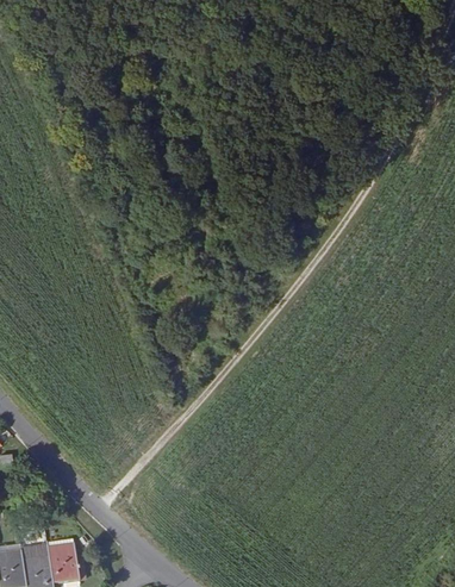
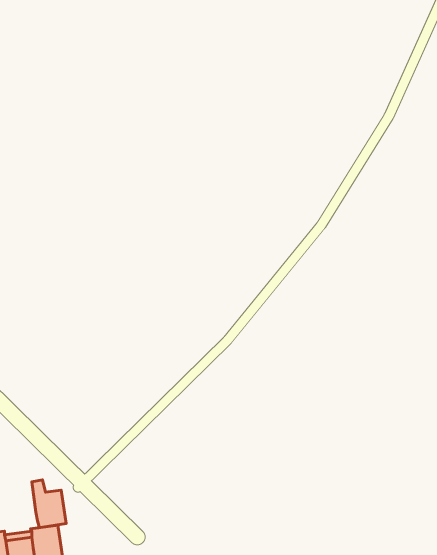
building: none -> [32,480,66,528]

